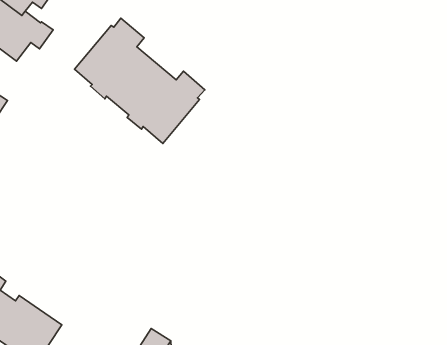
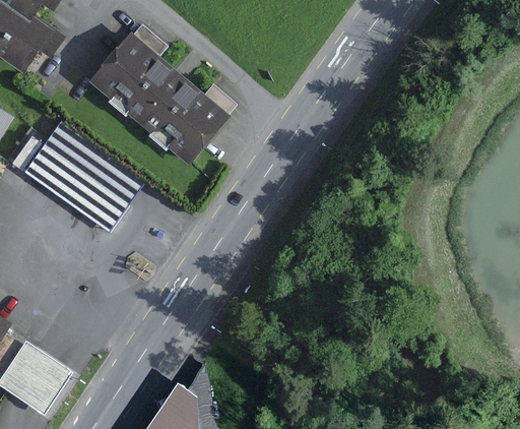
building: none -> [11,121,145,233]

